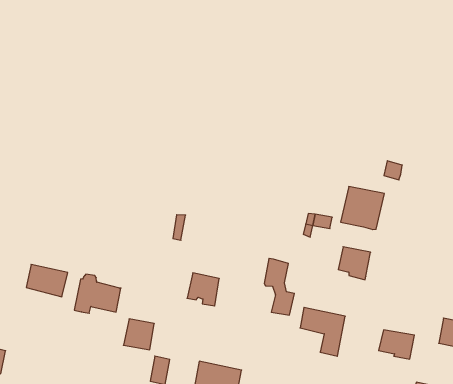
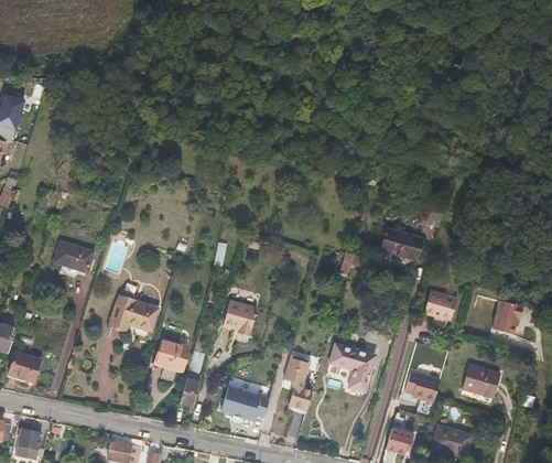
building: [338,247,371,280] -> [424,289,457,323]
building: [264,258,294,315] -> [283,352,312,409]
building: [26,264,68,297] -> [55,238,97,272]

